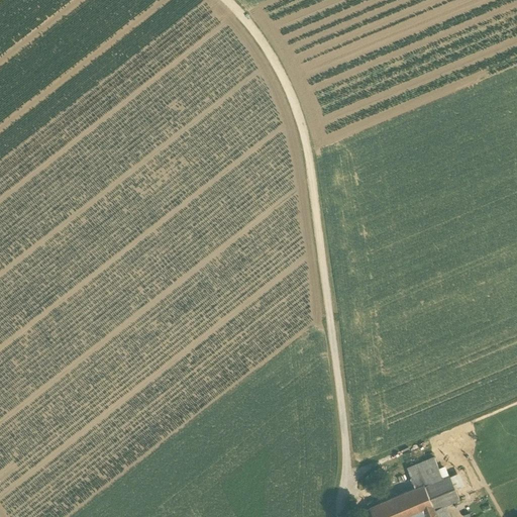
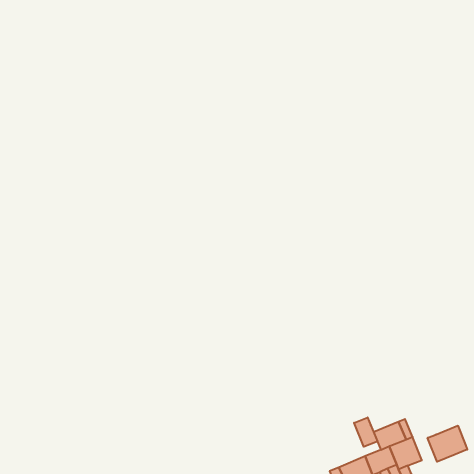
building: none -> [354,417,377,447]
building: none -> [428,426,467,462]

